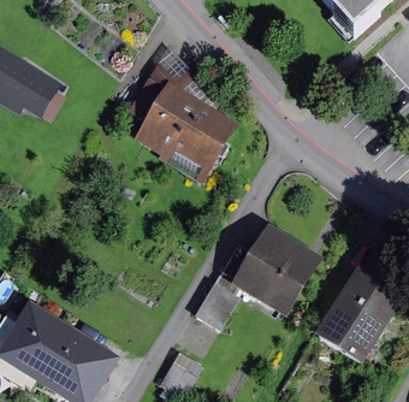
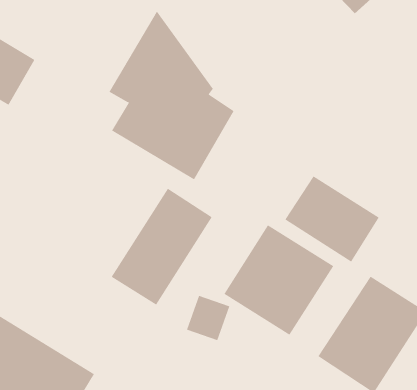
building: none -> [285,176,380,263]
building: none -> [111,188,212,305]

